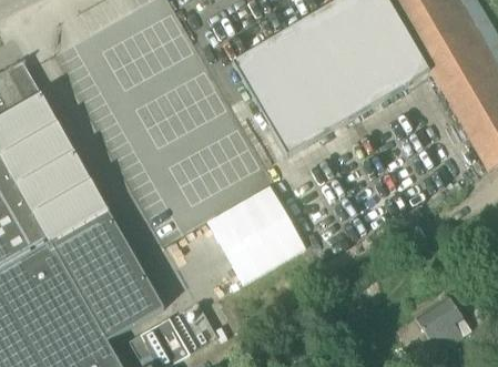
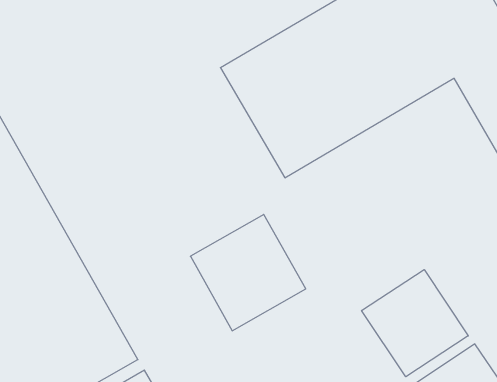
building: none -> [362,270,468,377]

